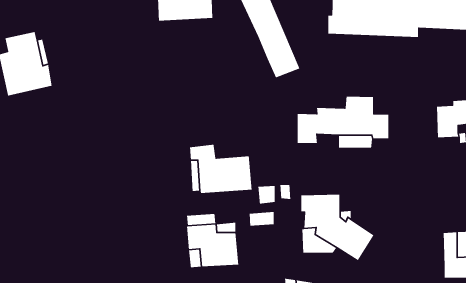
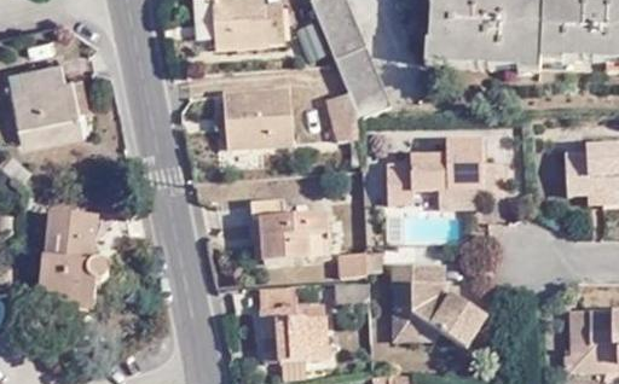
building: none -> [226,94,296,150]
building: none -> [328,94,361,140]
building: none -> [36,214,106,306]

